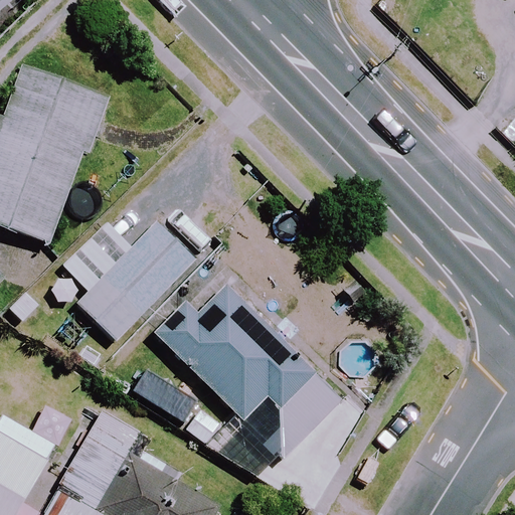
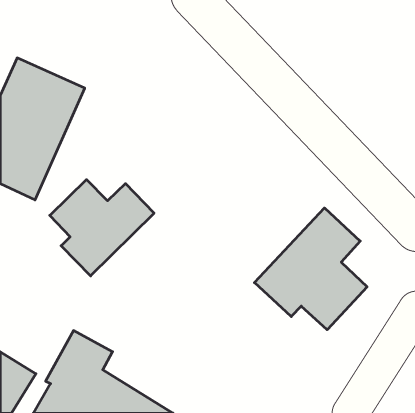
building: none -> [254,208,367,330]
building: [157,290,314,449] -> none

